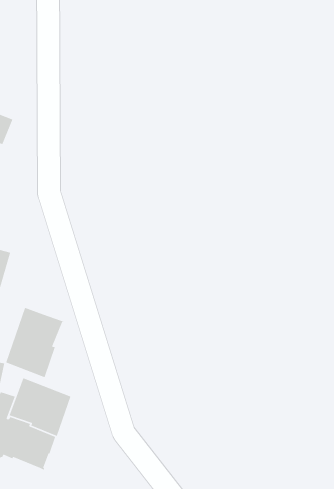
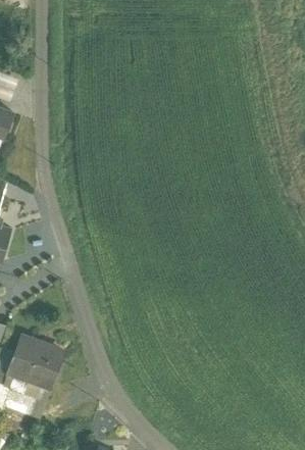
building: [5,307,66,378] -> none

